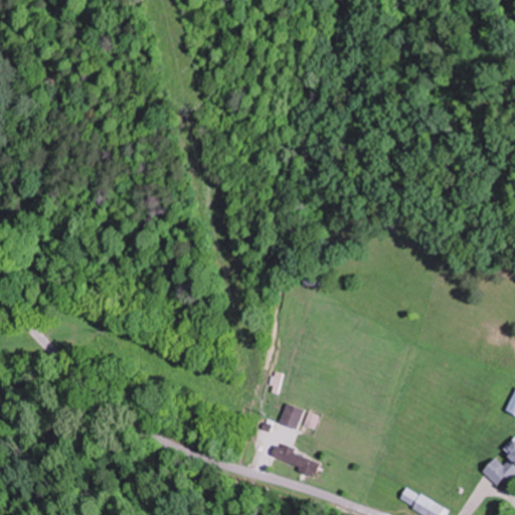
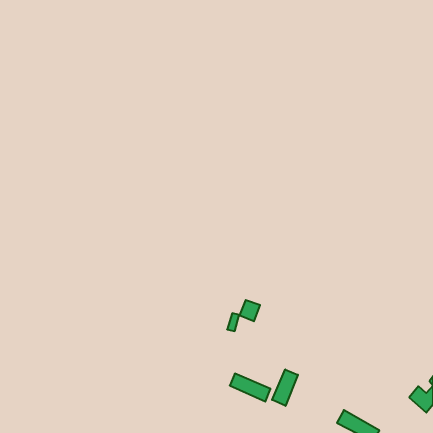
building: [280,403,304,428] -> [240,300,260,321]
building: none -> [272,369,298,406]

